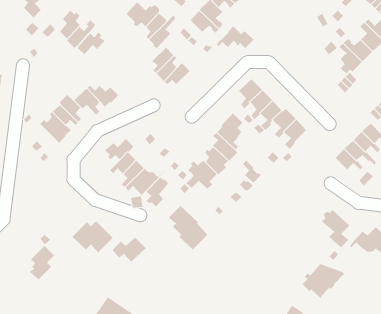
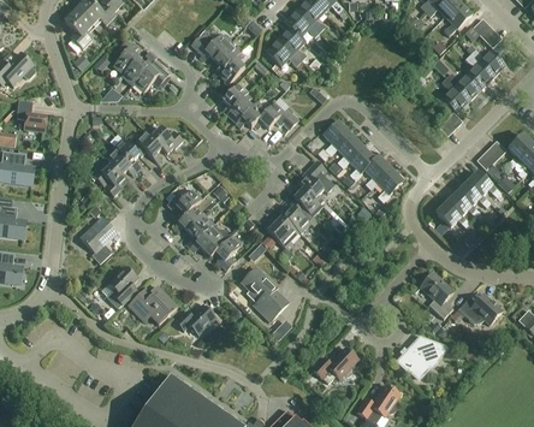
building: [213,25,254,49] -> [250,101,298,129]
building: none -> [79,217,117,263]
building: [29,245,55,280] -> [107,266,137,307]
building: none -> [313,346,357,382]

